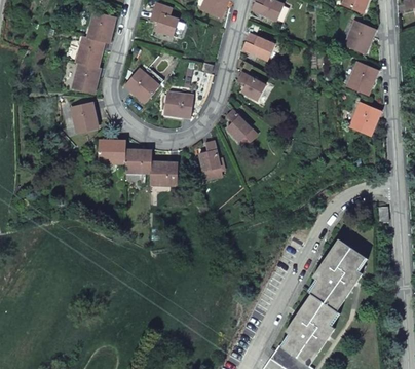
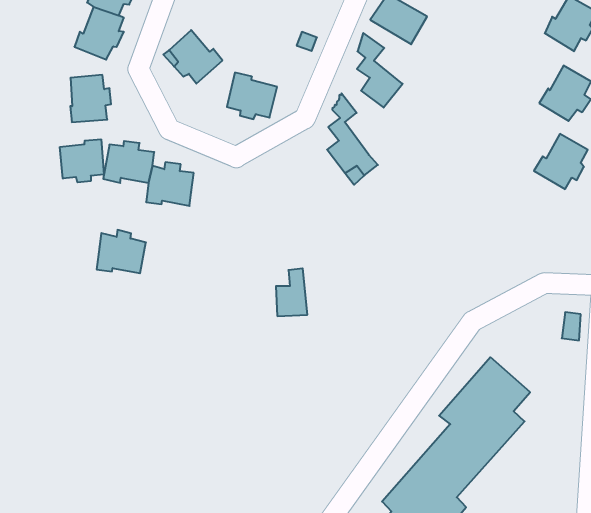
building: none -> [60,139,104,182]
building: [199,141,220,171] -> [276,268,307,316]
building: [150,161,177,186] -> [97,230,146,273]

